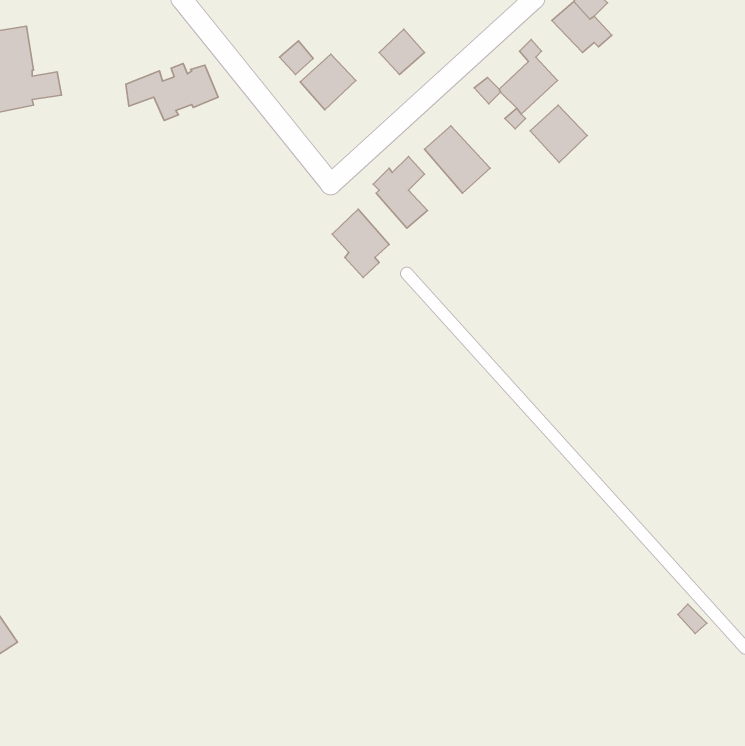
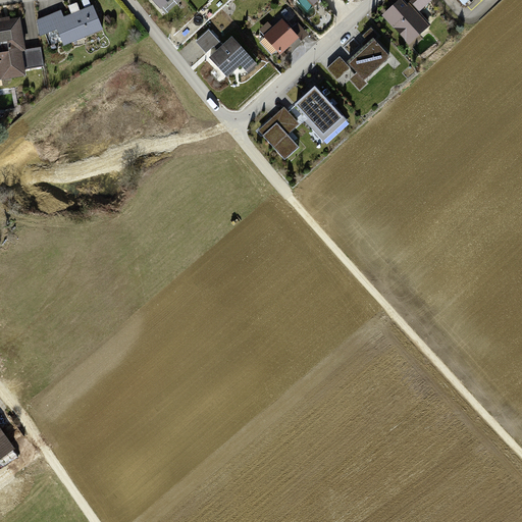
building: [126,64,218,121] -> [37,5,101,45]
building: [530,105,587,163] -> none
building: [332,209,389,278] -> none

